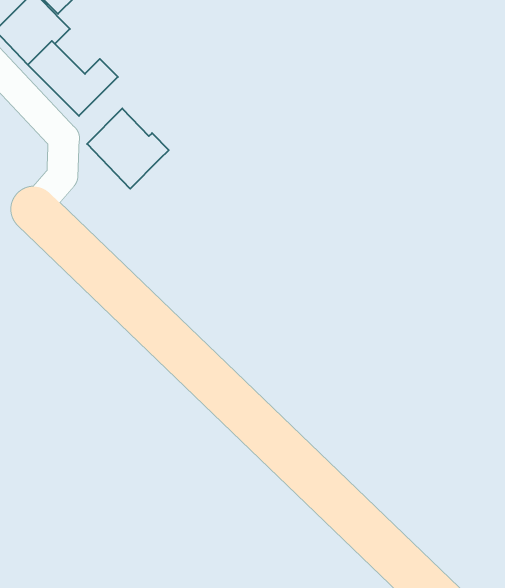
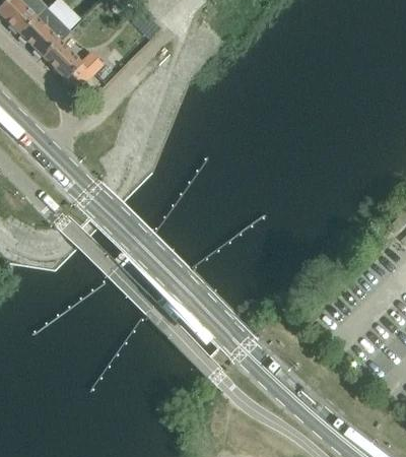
building: [87,108,169,189] -> none

